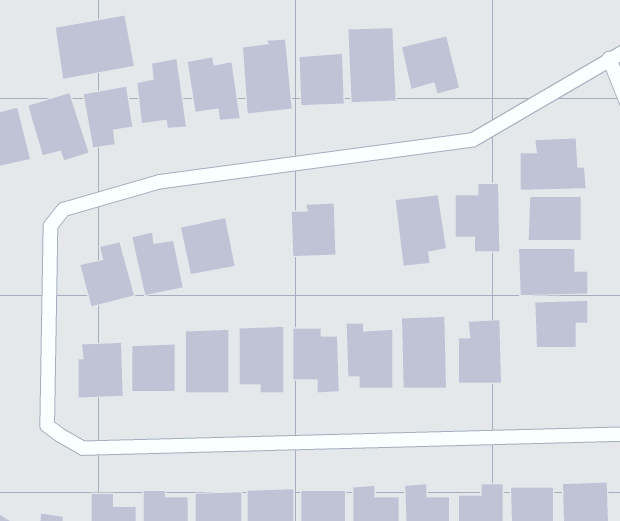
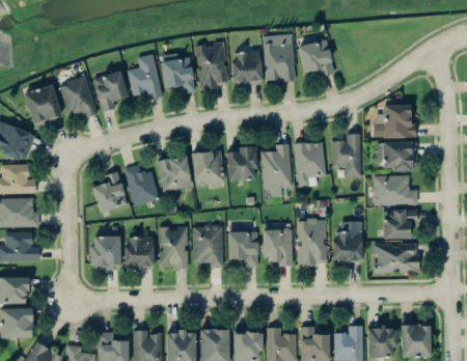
building: [55,15,134,80] -> none
building: none -> [262,144,293,197]
building: none -> [191,149,225,187]
building: none -> [374,243,418,273]

